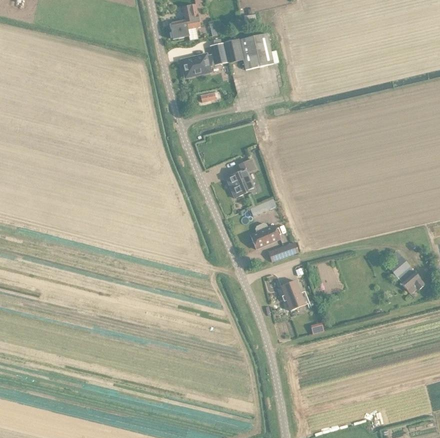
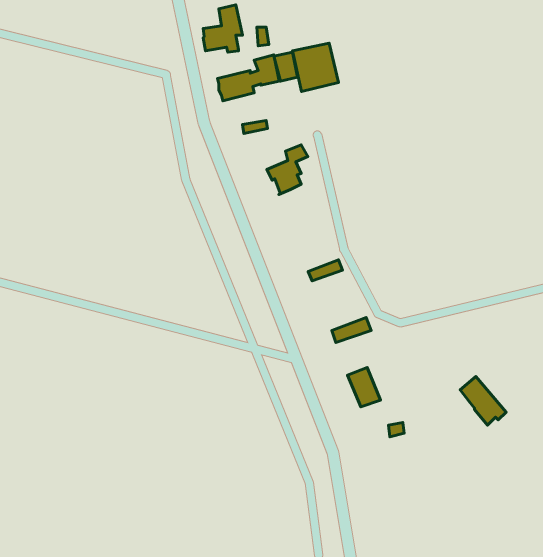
building: [224,159,255,197] -> [267,145,308,195]
building: [249,223,279,249] -> none
building: [388,257,423,294] -> [460,377,506,425]

